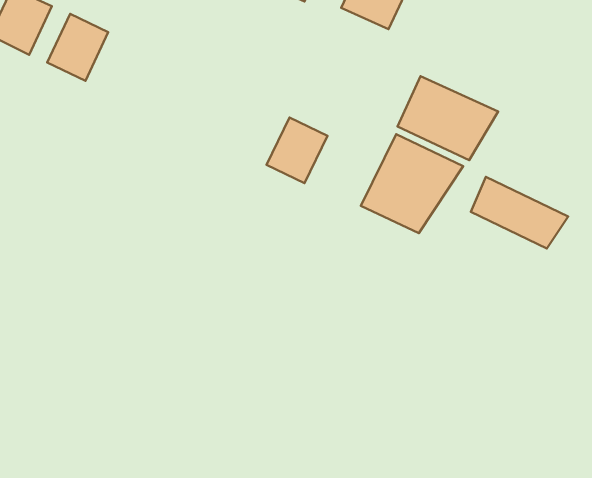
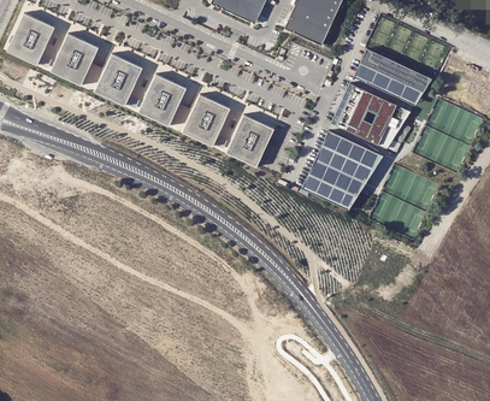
building: none -> [96,53,146,106]
building: none -> [138,73,188,126]
building: none -> [182,94,231,146]
building: [471,177,568,248] -> [354,47,431,104]

